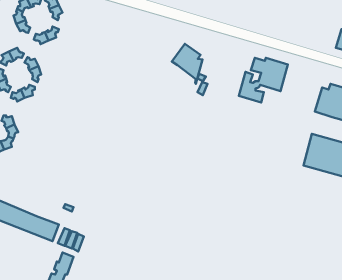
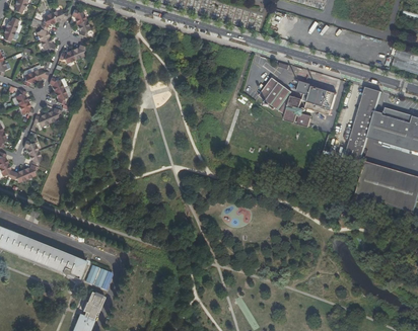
building: [172,44,202,84] -> [258,76,291,119]
building: none -> [344,86,381,160]

